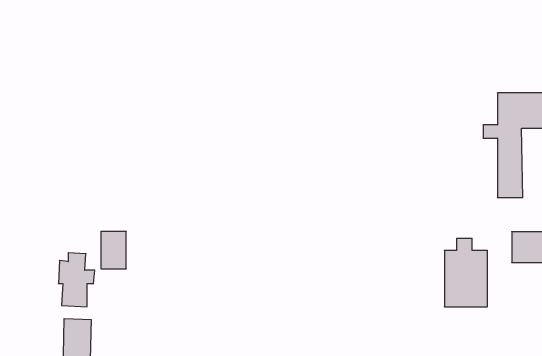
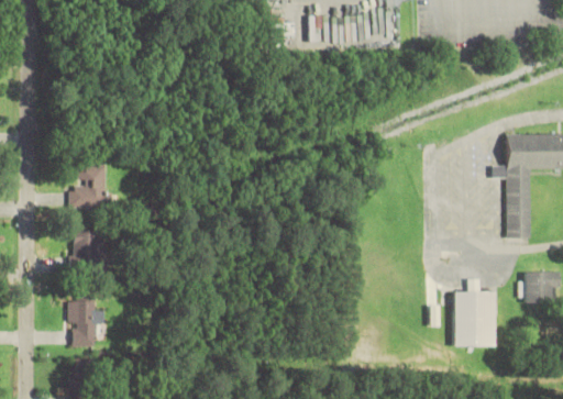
building: none -> [69,165,107,208]
building: [101,231,126,269] -> [74,230,99,267]

